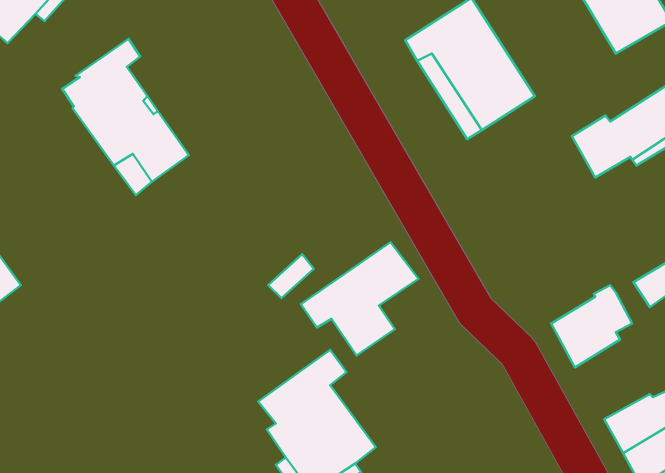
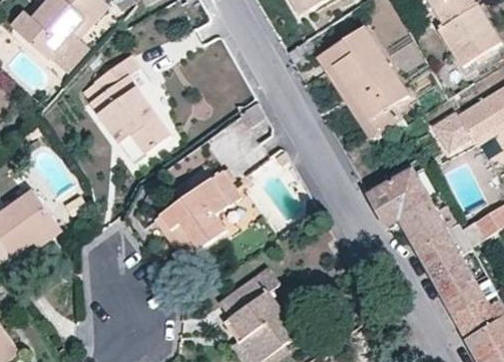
building: none -> [367,168,447,250]
building: [301,242,418,356] -> [161,172,241,250]
building: none -> [433,261,484,315]

